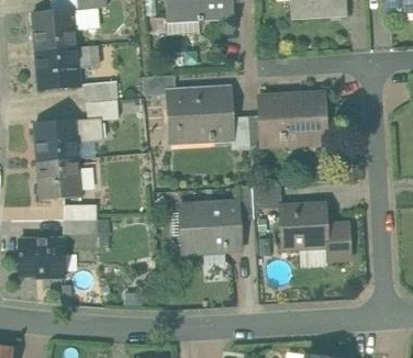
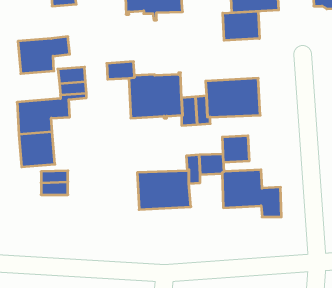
building: [32,9,76,51] -> none
building: none -> [223,11,259,40]
building: none -> [222,136,249,162]
building: [21,238,66,277] -> none

